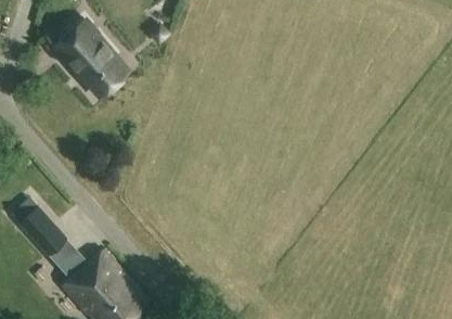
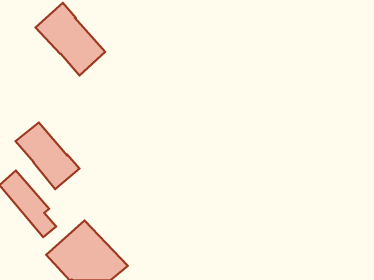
building: none -> [16,122,79,189]

